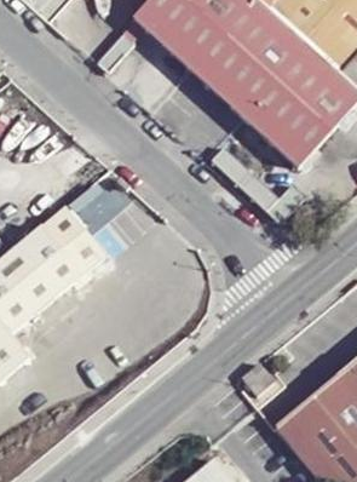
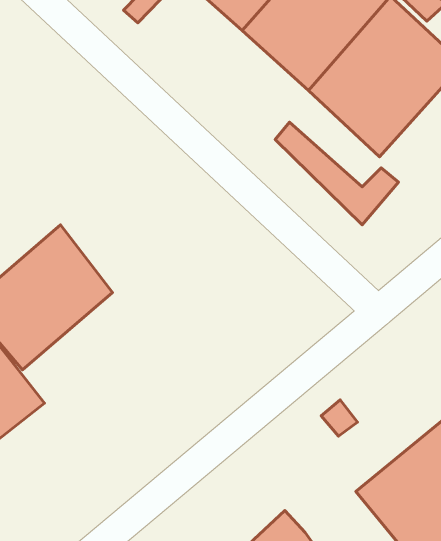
building: [50,173,131,274] -> none

